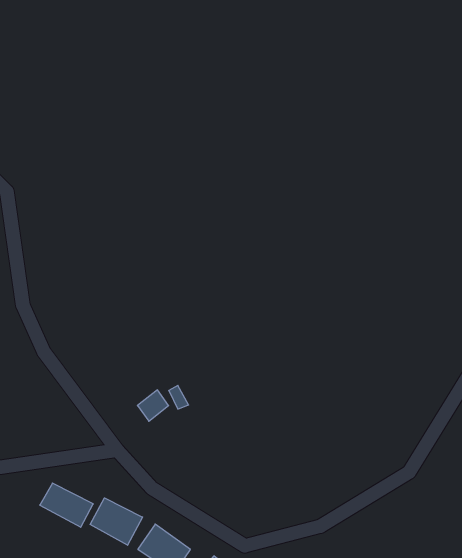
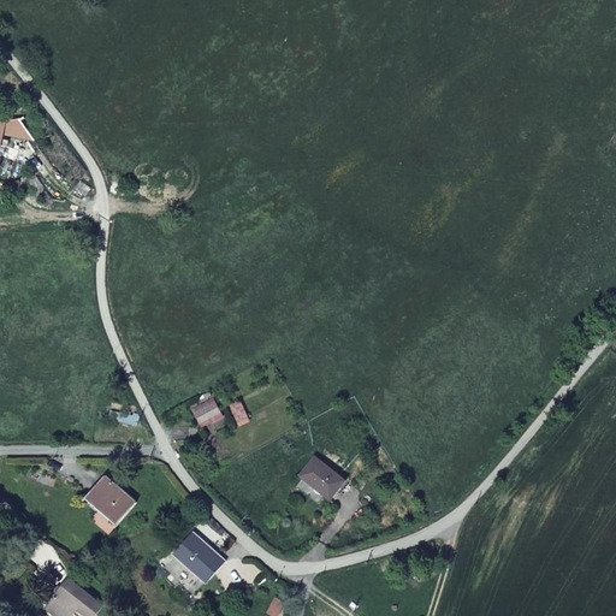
building: none -> [298,456,345,502]
building: [90,498,143,545] -> none

